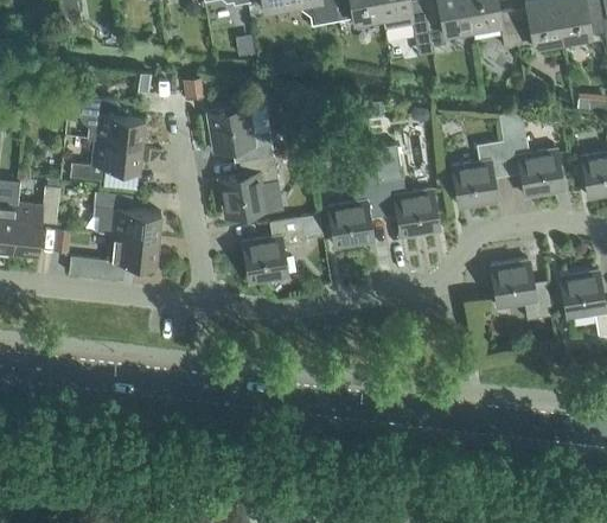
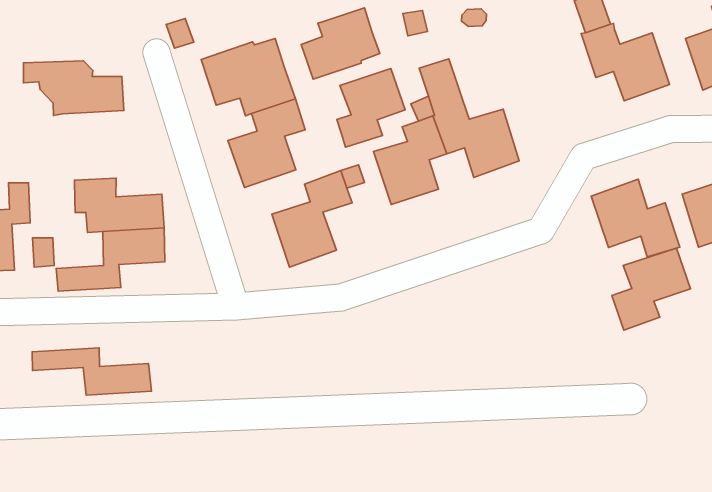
building: none -> [301,8,380,79]
building: [71,139,142,180] -> none
building: [453,140,507,208] -> none
building: none -> [337,68,405,147]
building: none -> [612,248,690,330]
building: none -> [32,348,152,395]

